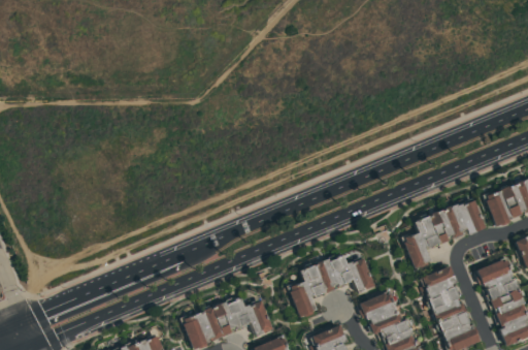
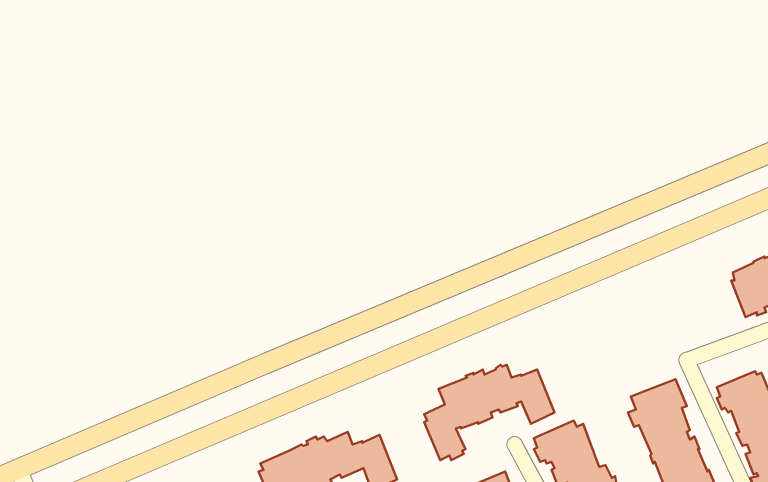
building: [404,200,487,267] -> none

